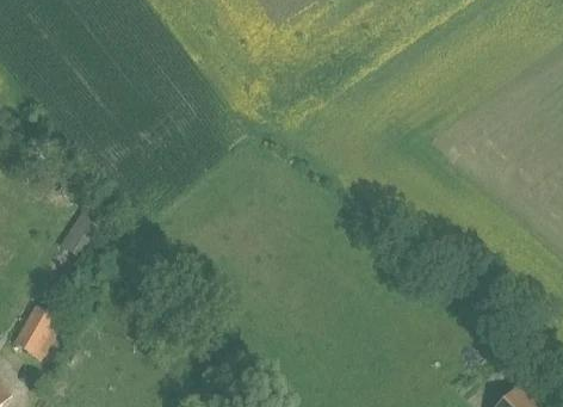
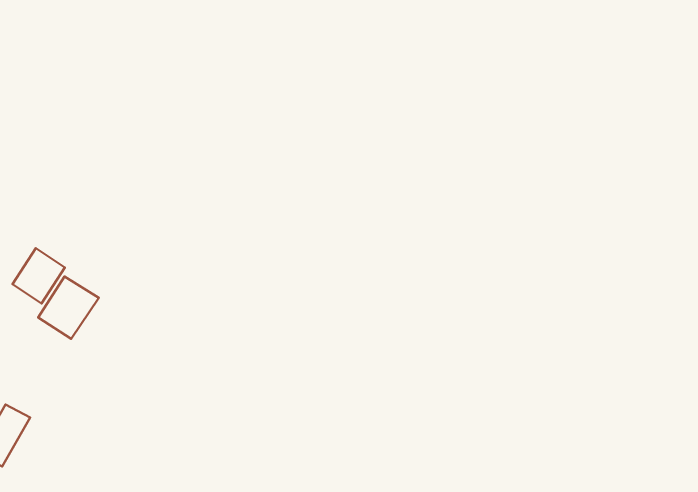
building: none -> [13,248,65,303]

